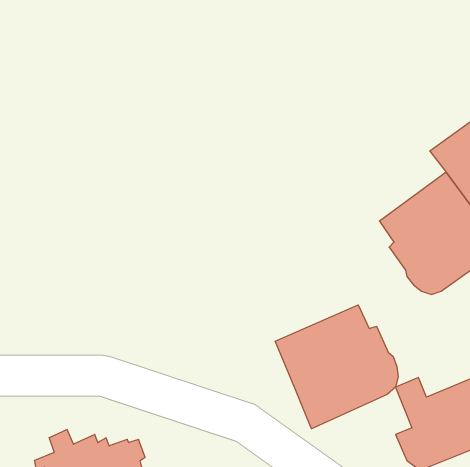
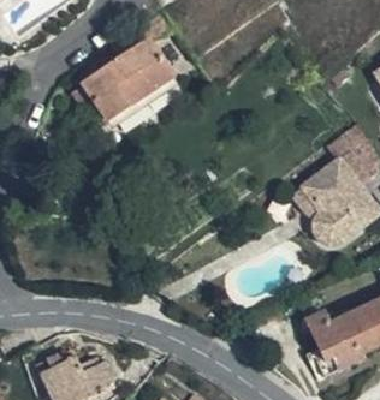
building: none -> [77,41,166,124]
building: [275,305,398,429] -> none

